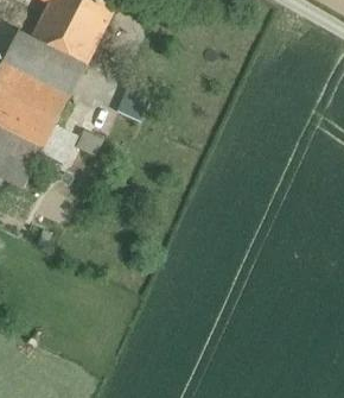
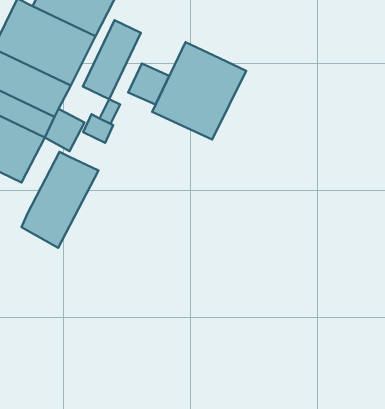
building: none -> [83,20,141,99]
building: none -> [152,42,246,139]
building: none -> [22,152,98,248]

